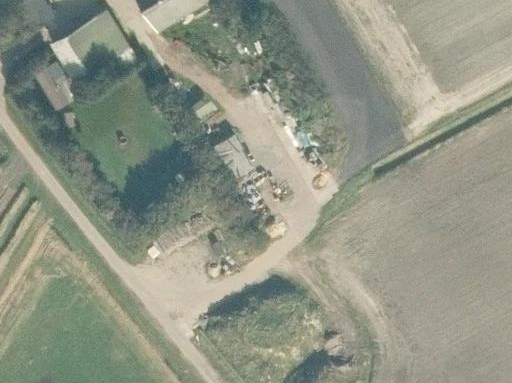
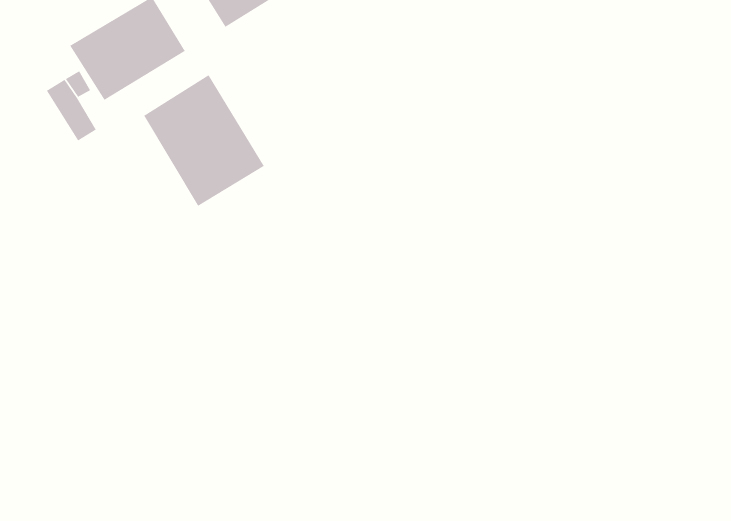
building: none -> [143,74,265,207]

